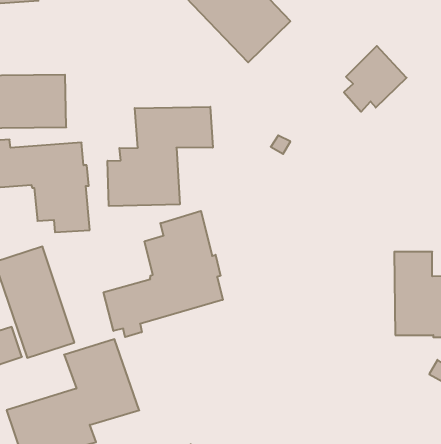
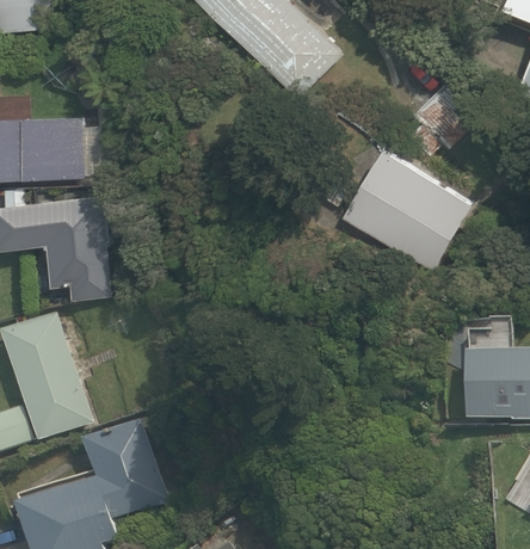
building: none -> [340,146,473,272]
building: [108,107,213,206] -> none
building: [104,211,223,337] -> none

